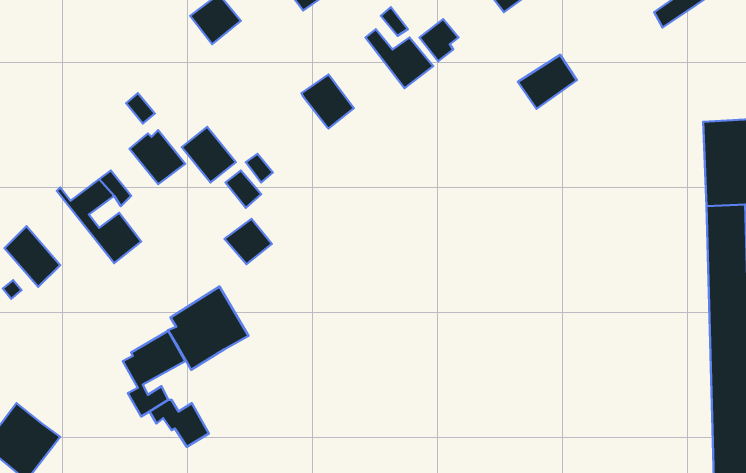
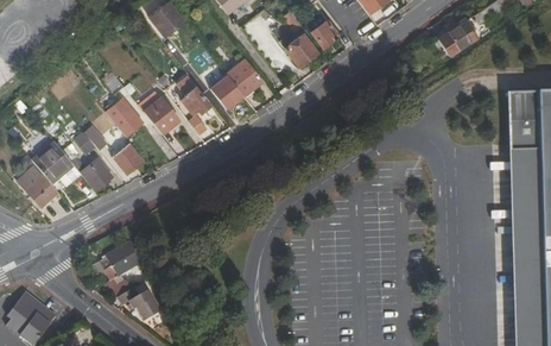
building: [518,55,577,109] -> [438,19,480,57]
building: none -> [210,74,245,108]
building: none -> [177,76,210,115]
building: none -> [31,141,74,183]
building: [225,219,272,264] -> [112,143,145,175]
building: [168,287,249,370] -> none

